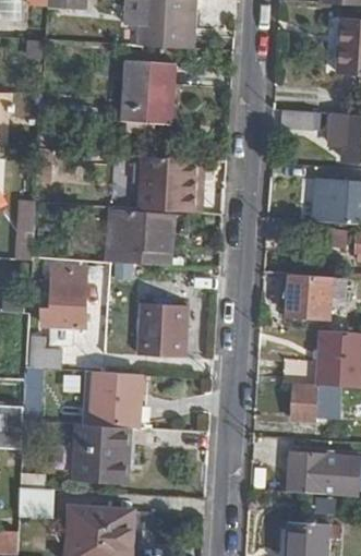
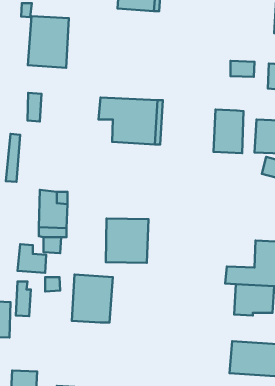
building: [123,60,173,123] -> [28,16,69,68]
building: none -> [213,109,244,153]
building: [104,208,170,264] -> none
building: [288,274,332,316] -> none
building: [75,426,128,481] -> none

